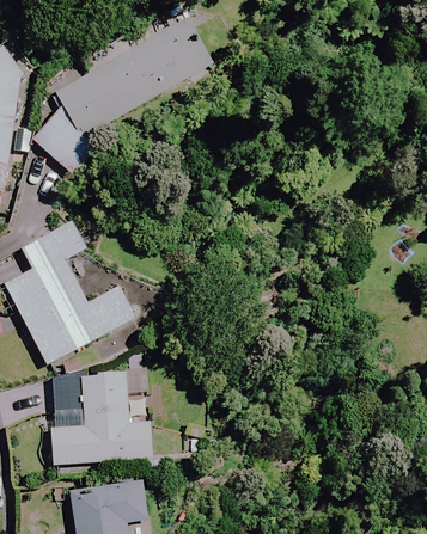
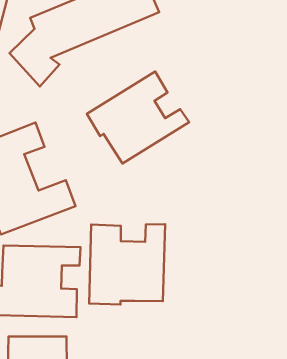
building: none -> [87,72,189,163]
building: none -> [89,224,165,305]

